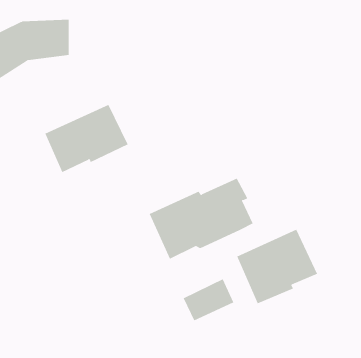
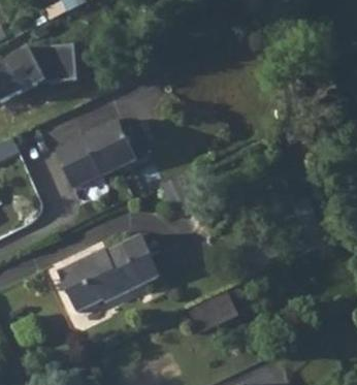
building: [149,178,254,260] -> [54,235,153,313]
building: [237,229,318,304] -> none

